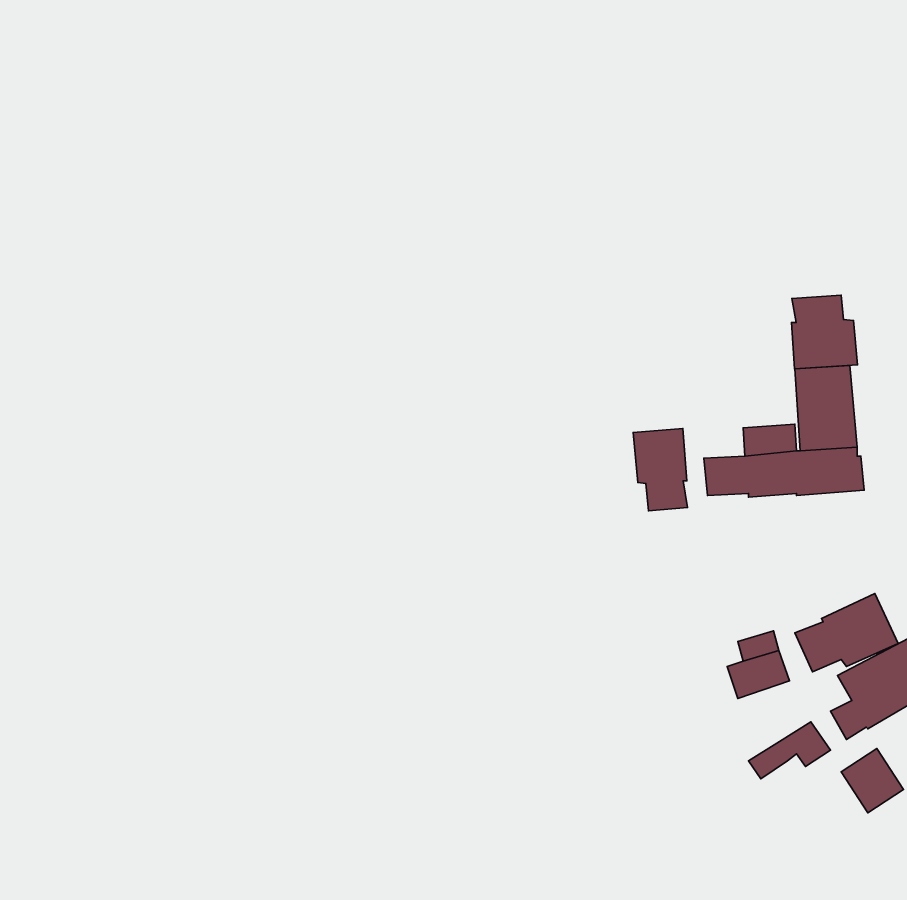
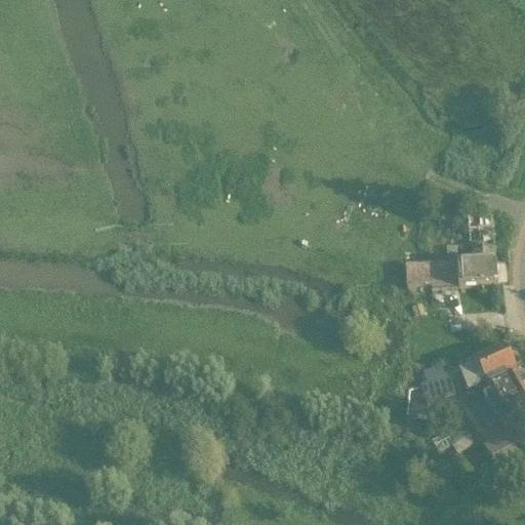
building: [792,295,857,369] -> none
building: [633,429,687,511] -> none

